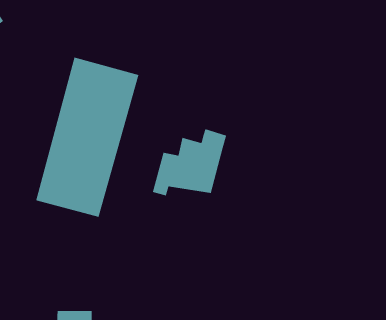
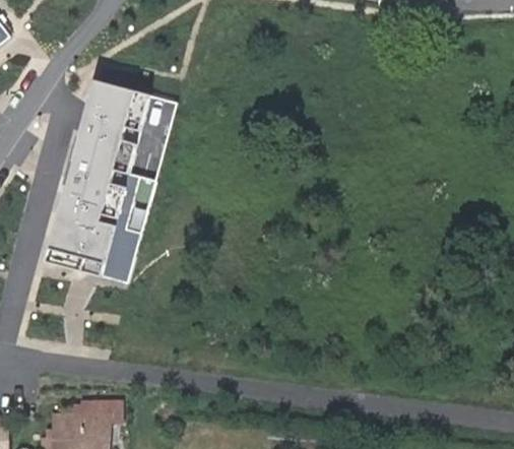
building: [152,128,227,197] -> none

